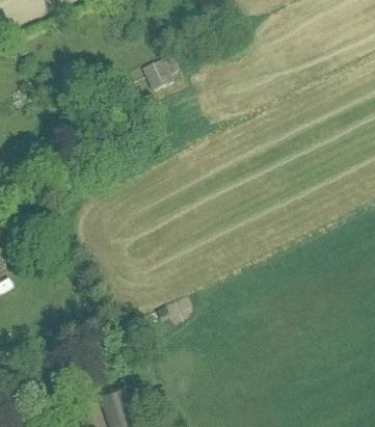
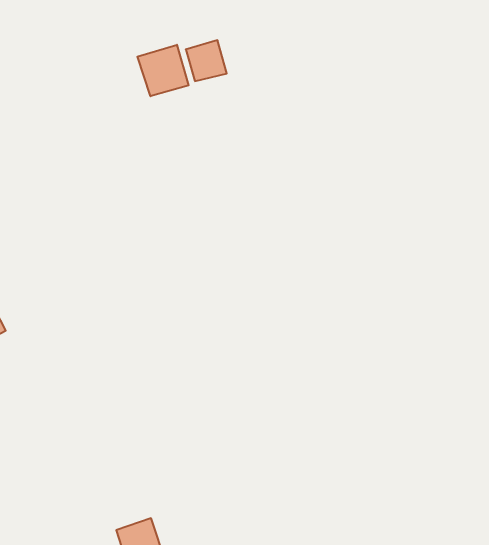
building: none -> [137,45,189,96]

